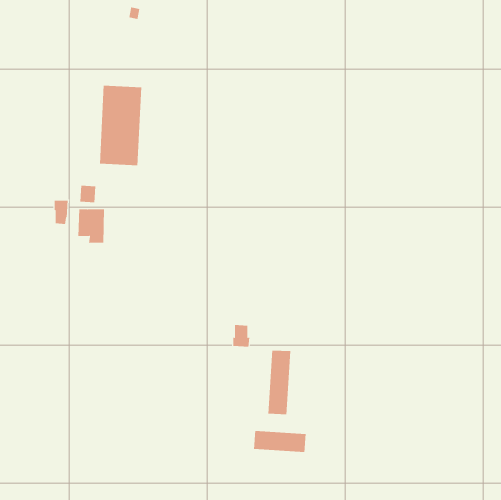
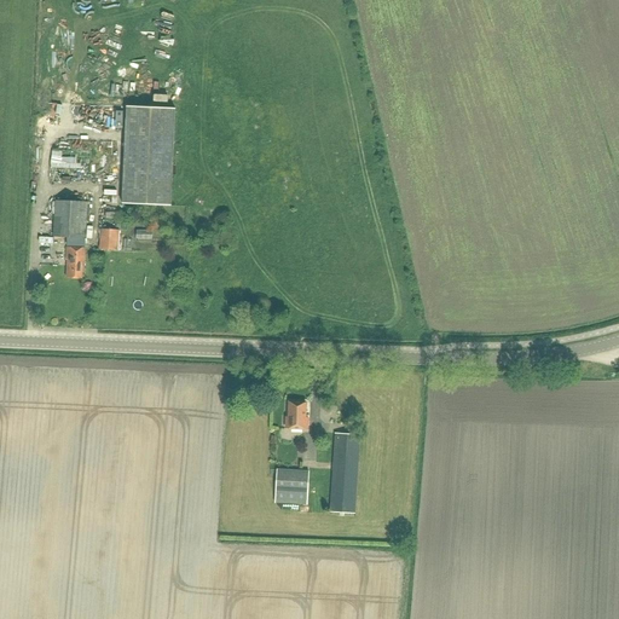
building: [78,209,105,243] -> [52,202,86,244]
building: none -> [274,469,308,504]
building: [253,430,306,453] -> none

